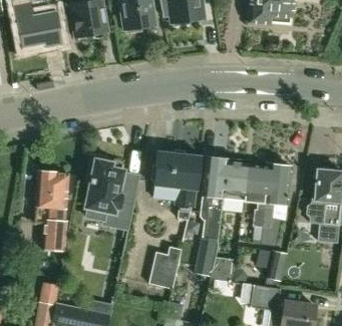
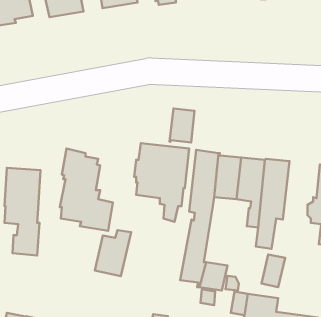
building: none -> [169,108,195,142]
building: [148,247,181,288] -> [95,230,131,276]

